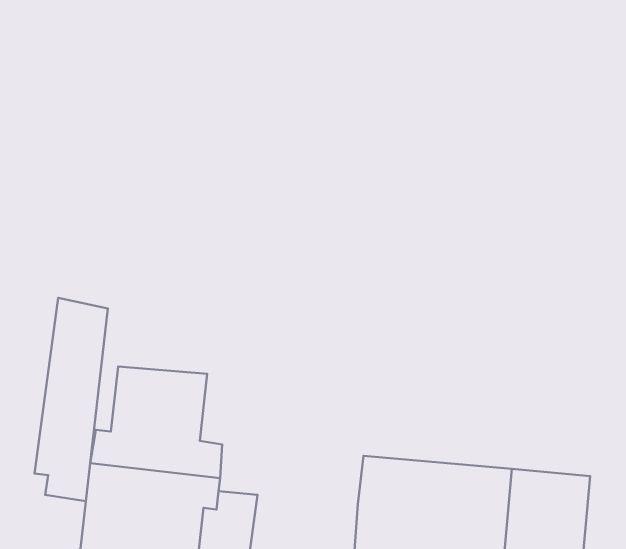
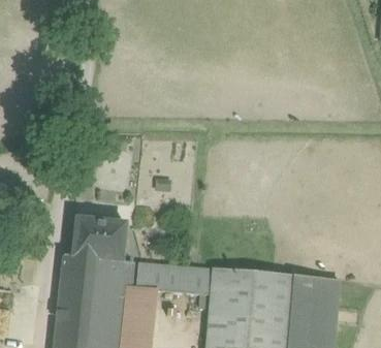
building: [34,298,108,501] -> none
building: none -> [132,261,213,294]

